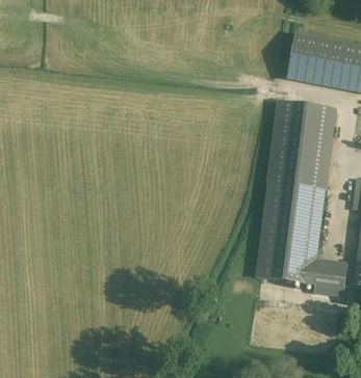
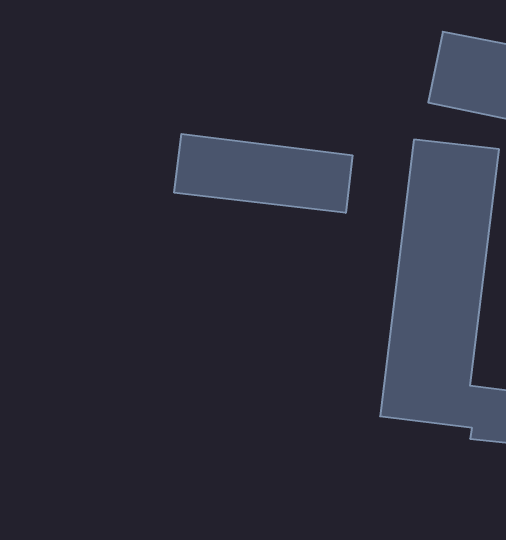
building: none -> [174,134,352,213]

